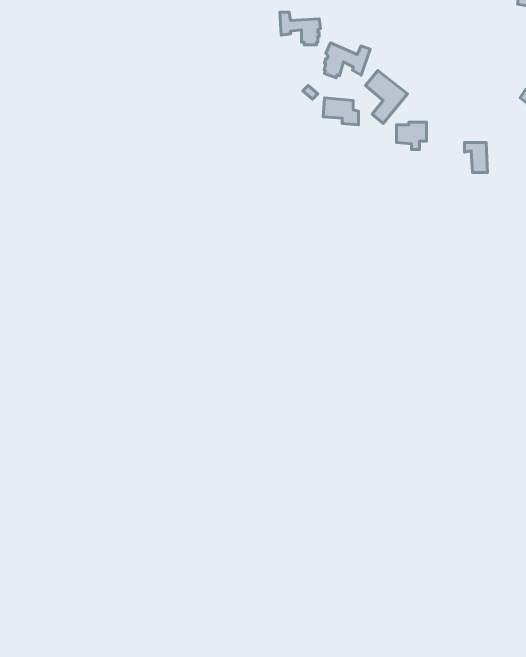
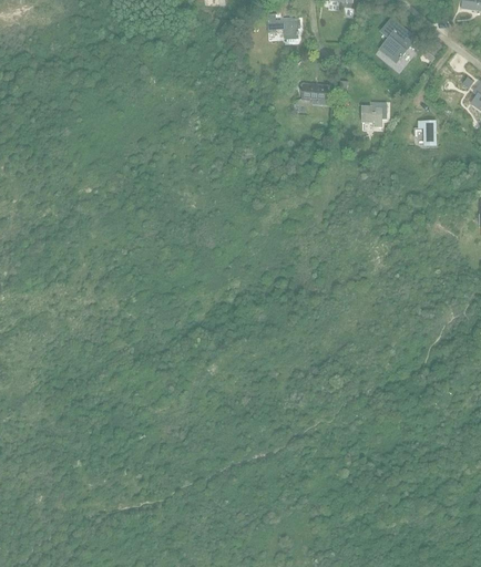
building: [324,43,370,78] -> none
building: [366,71,408,124] -> [380,18,415,61]

